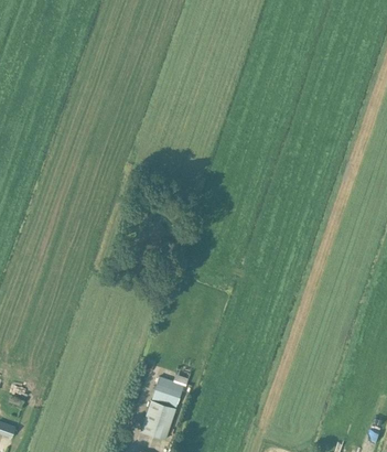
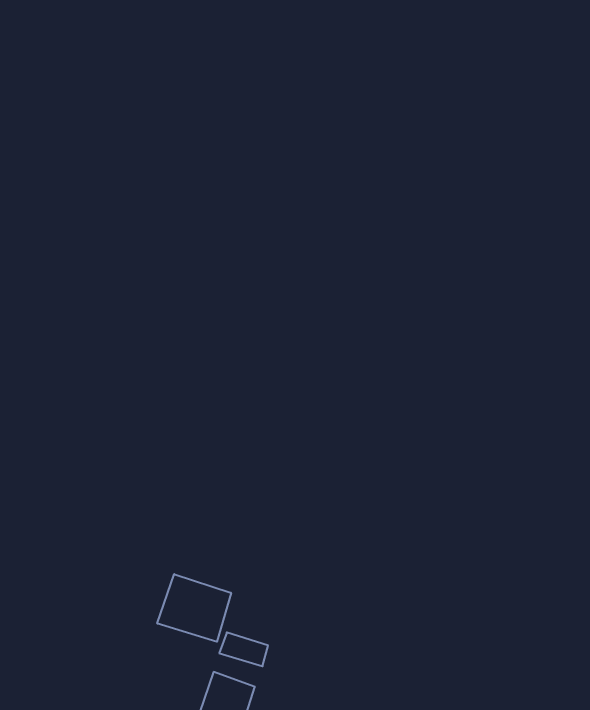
building: none -> [157,574,231,642]

